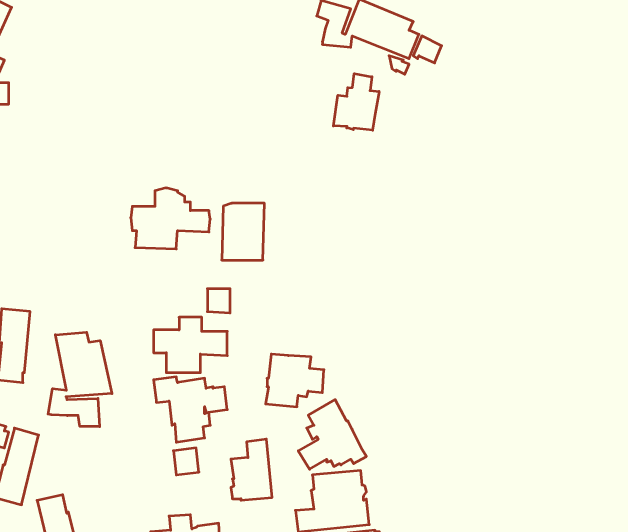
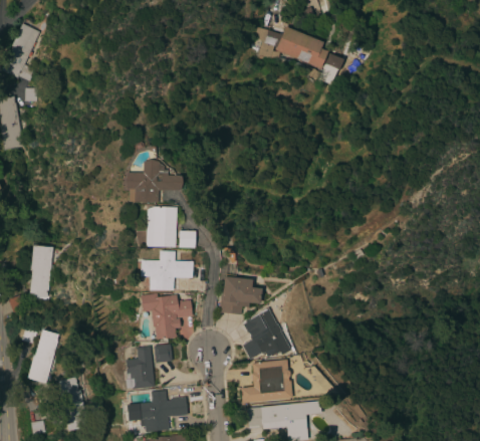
building: [333,74,379,130] -> none
building: [222,203,264,260] -> [146,207,176,247]
building: [48,332,112,427] -> none
building: [231,439,272,500] -> [126,346,155,389]

